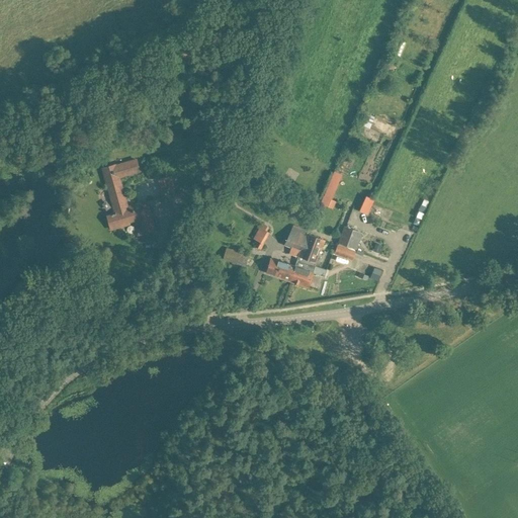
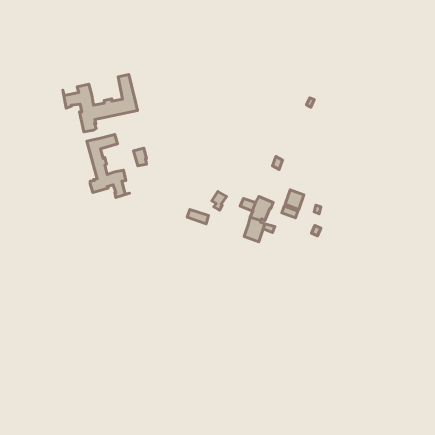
building: none -> [63,74,138,132]
building: [266,258,295,281] -> none

